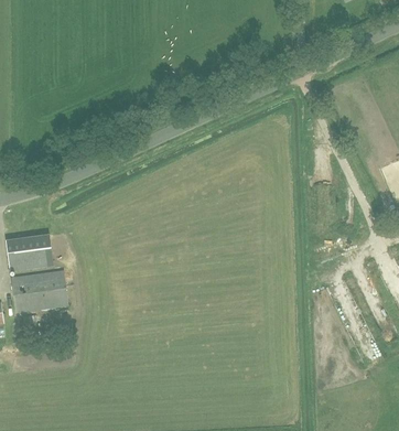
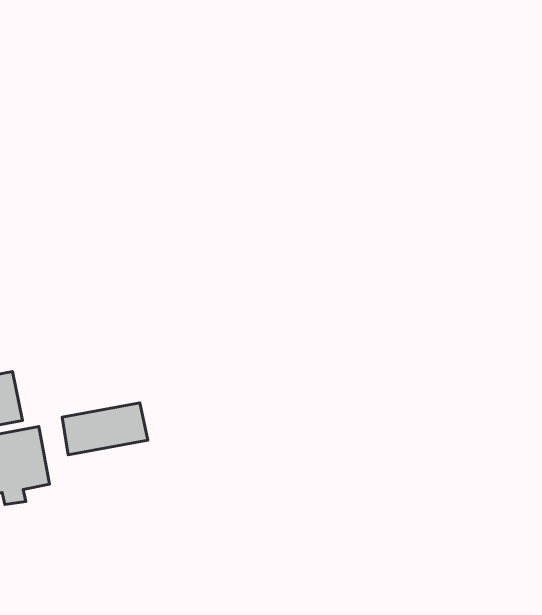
building: none -> [62,403,148,455]

